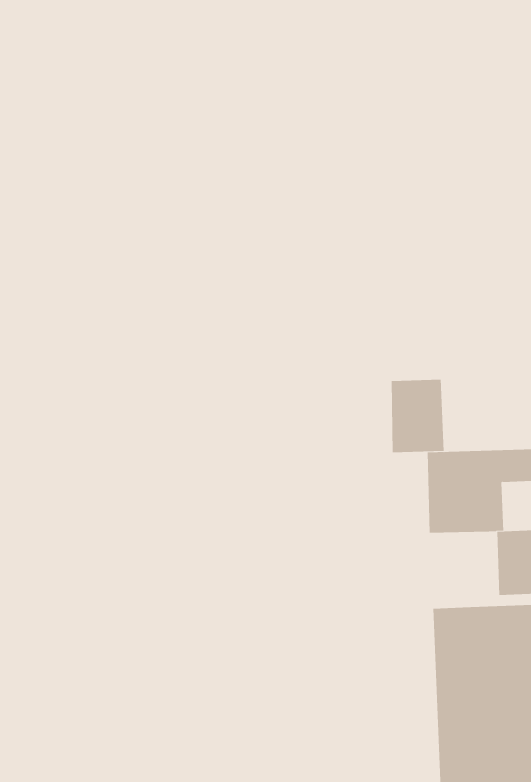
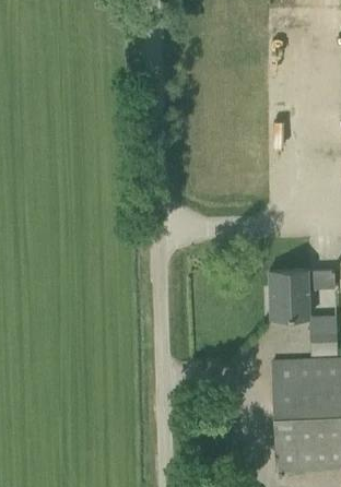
building: [391,379,444,453] -> none

